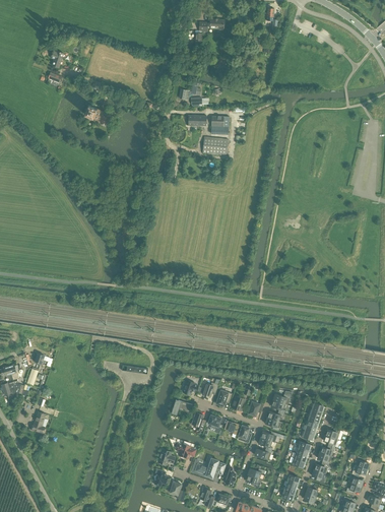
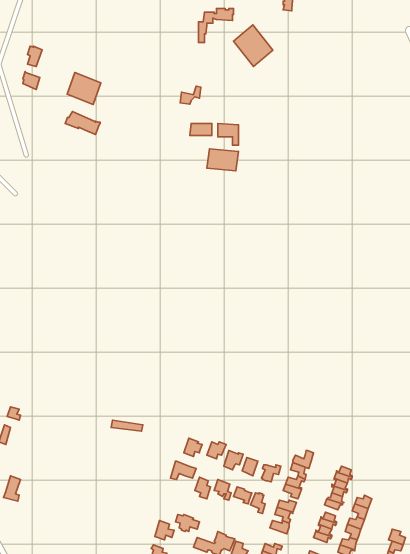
building: none -> [234,25,273,66]
building: none -> [67,73,101,104]

